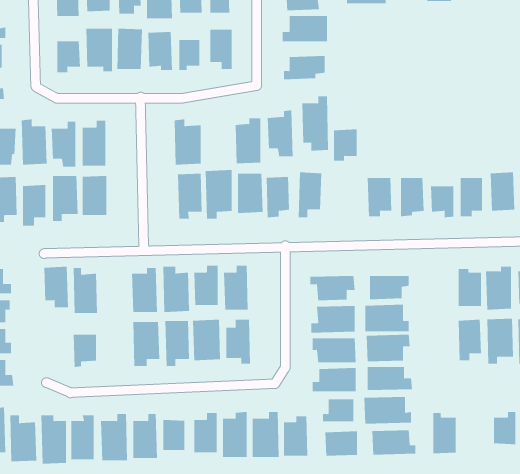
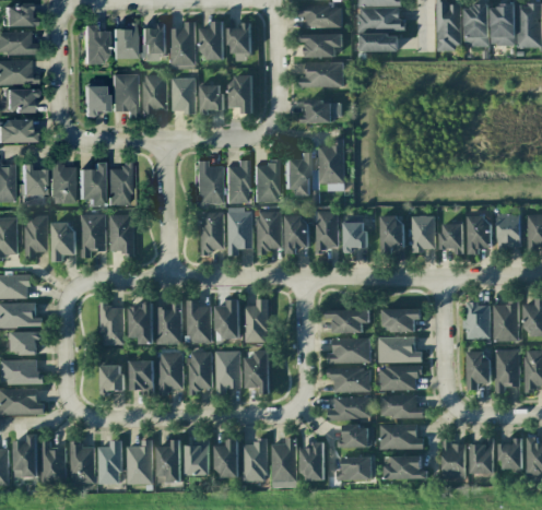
building: none -> [227,159,249,203]
building: [333,129,357,161] -> [343,222,366,252]
building: [44,266,69,308] -> [129,305,153,344]
building: none -> [130,360,154,390]
building: none -> [471,438,494,474]

